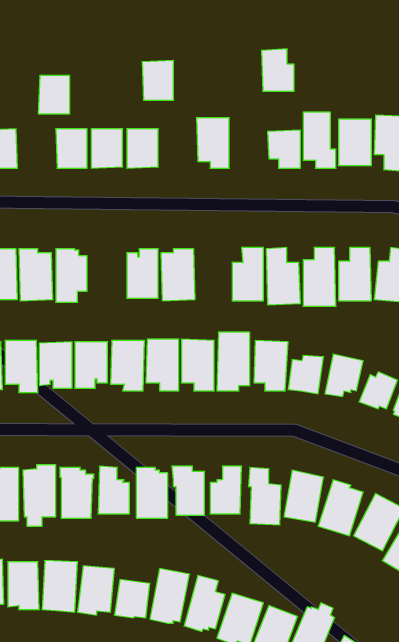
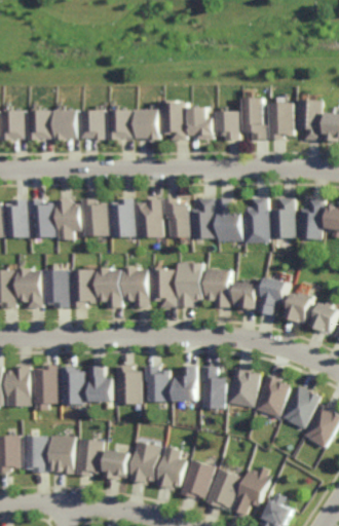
building: [261,49,294,91] -> [190,107,215,139]
building: [142,60,174,100] -> [138,109,161,139]
building: [38,76,70,114] -> [31,111,54,140]
building: none -> [84,199,109,236]
building: none -> [163,199,188,238]

